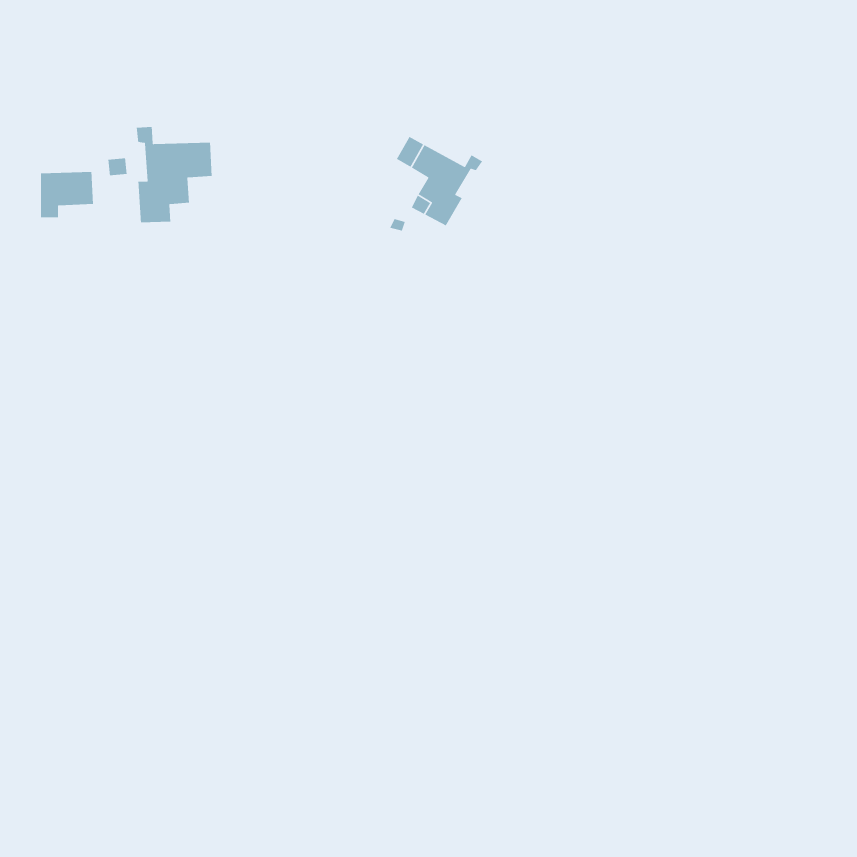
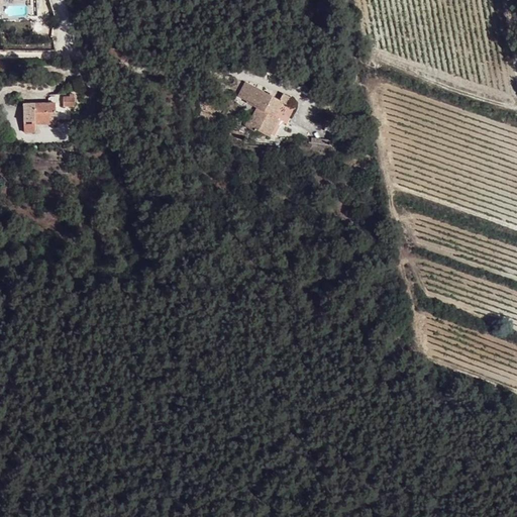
building: [136,126,212,223] -> none

